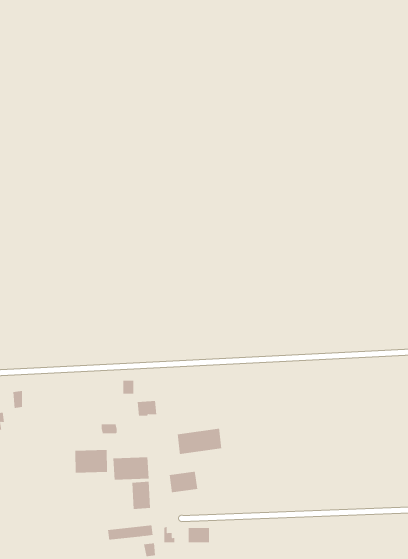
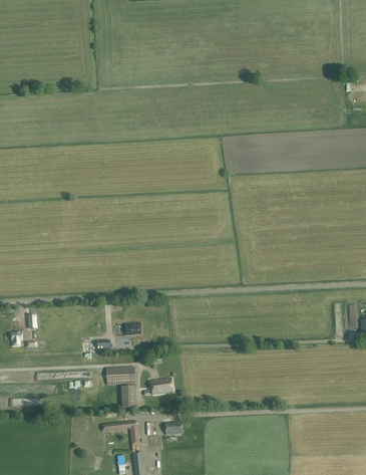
building: [177,428,222,455] -> none
building: [75,449,107,474] -> none

